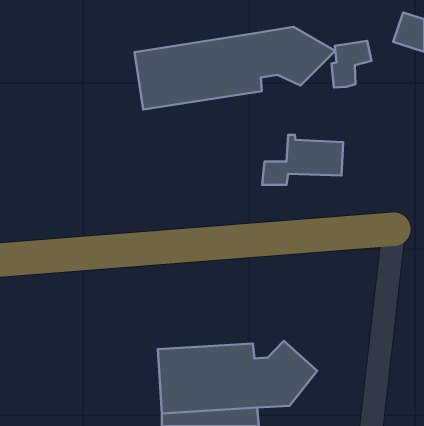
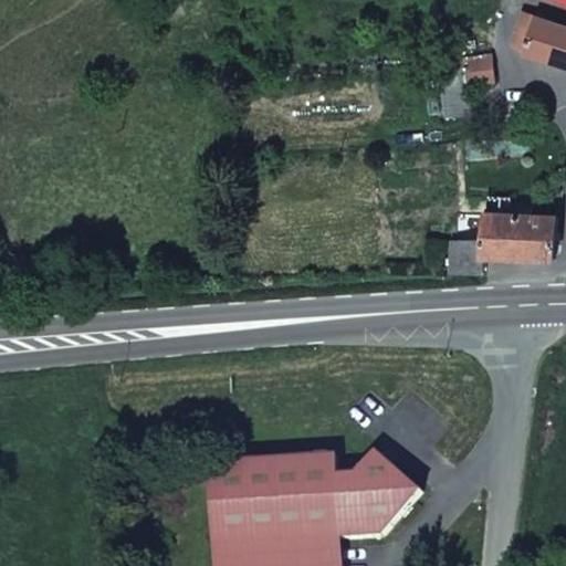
building: [134,27,335,110] -> none
building: [262,135,343,185] -> [446,206,553,272]

